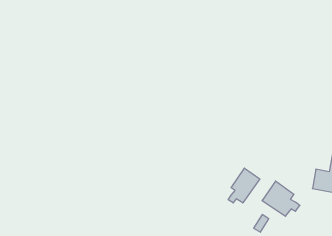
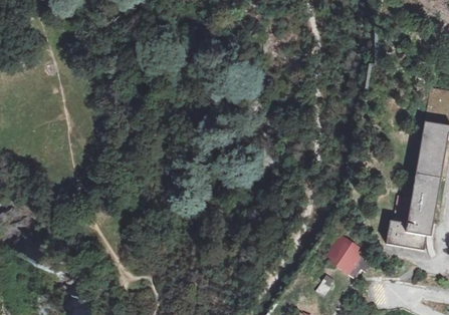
building: [228,168,260,203] -> none

